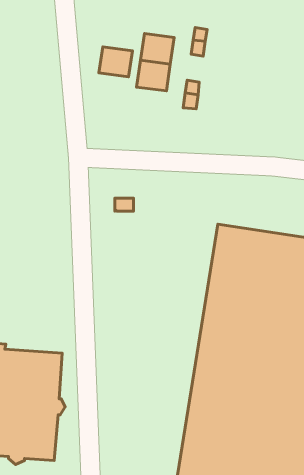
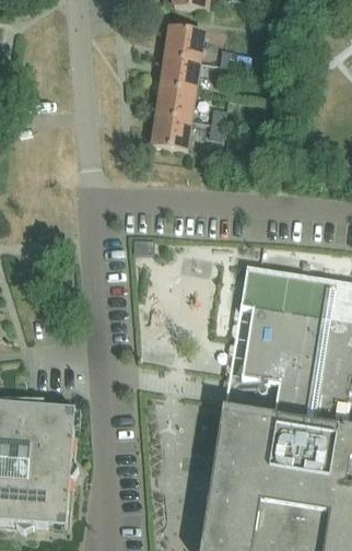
building: none -> [165,26,202,61]
building: [99,47,132,77] -> [152,116,189,149]

